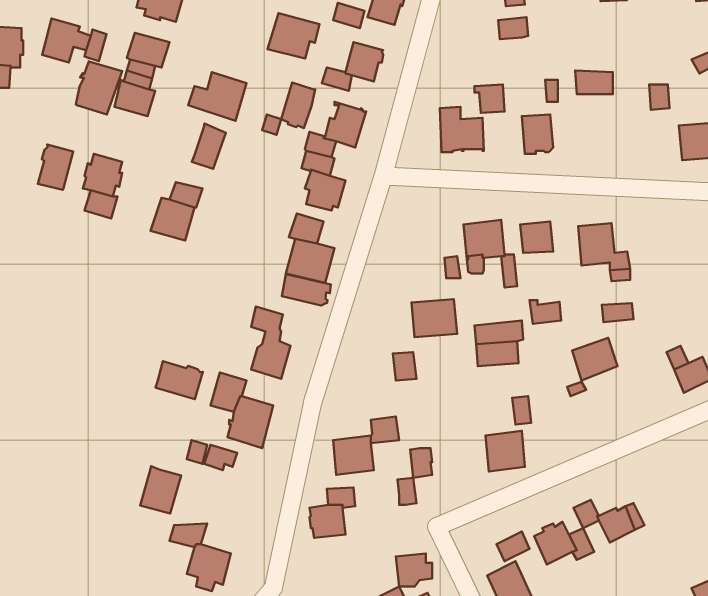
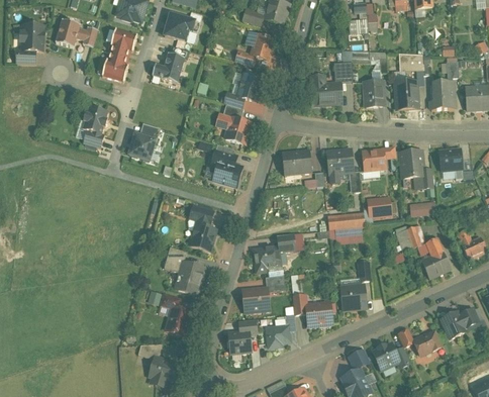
building: [268,13,319,59] -> [162,12,195,41]
building: [76,61,122,115] -> none
building: [281,83,315,128] -> none
building: none -> [394,81,418,108]
building: none -> [430,81,454,109]
building: [192,124,226,169] -> none
building: [38,145,73,190] -> none
building: none -> [438,146,464,178]
building: [282,274,331,305] -> none
building: [411,299,457,337] -> [282,151,311,175]
building: none -> [420,237,450,278]
building: [156,361,203,399] -> none
building: none -> [253,245,280,273]
building: none -> [305,302,331,325]
building: [140,466,181,513] -> [166,305,192,335]
building: none -> [441,308,478,338]
building: [396,553,432,586] -> [266,325,289,346]

